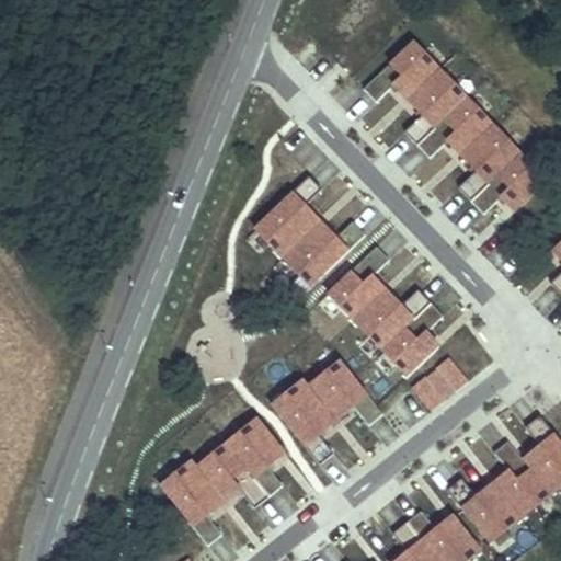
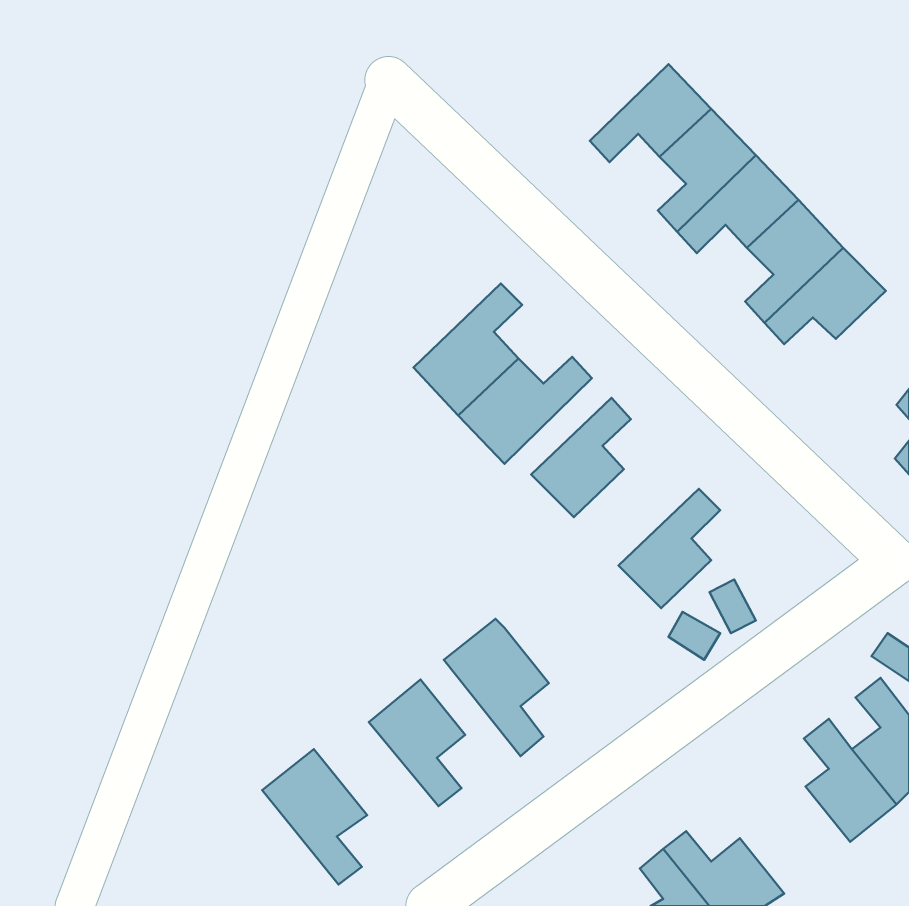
building: [353,288,430,347] -> none
building: [310,360,383,425] -> none
building: [198,444,270,506] -> none
building: [447,479,523,543] -> none

